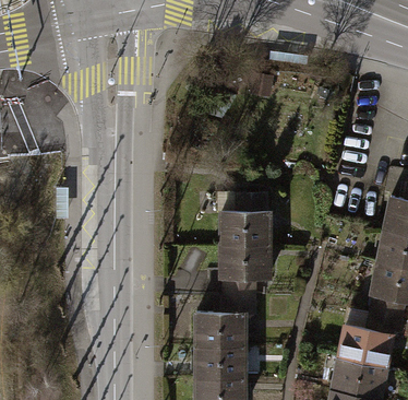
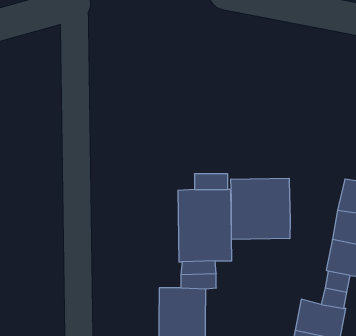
building: none -> [231,178,290,239]

